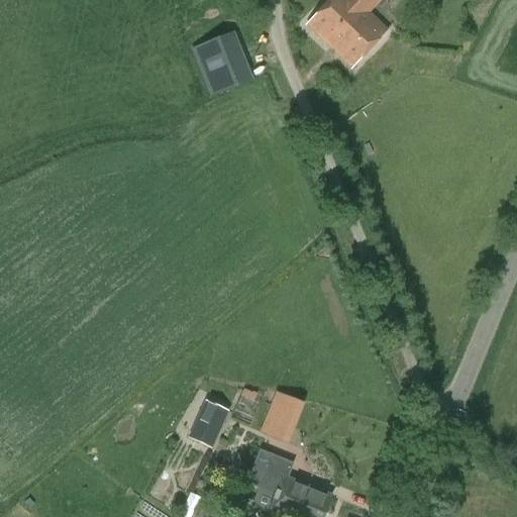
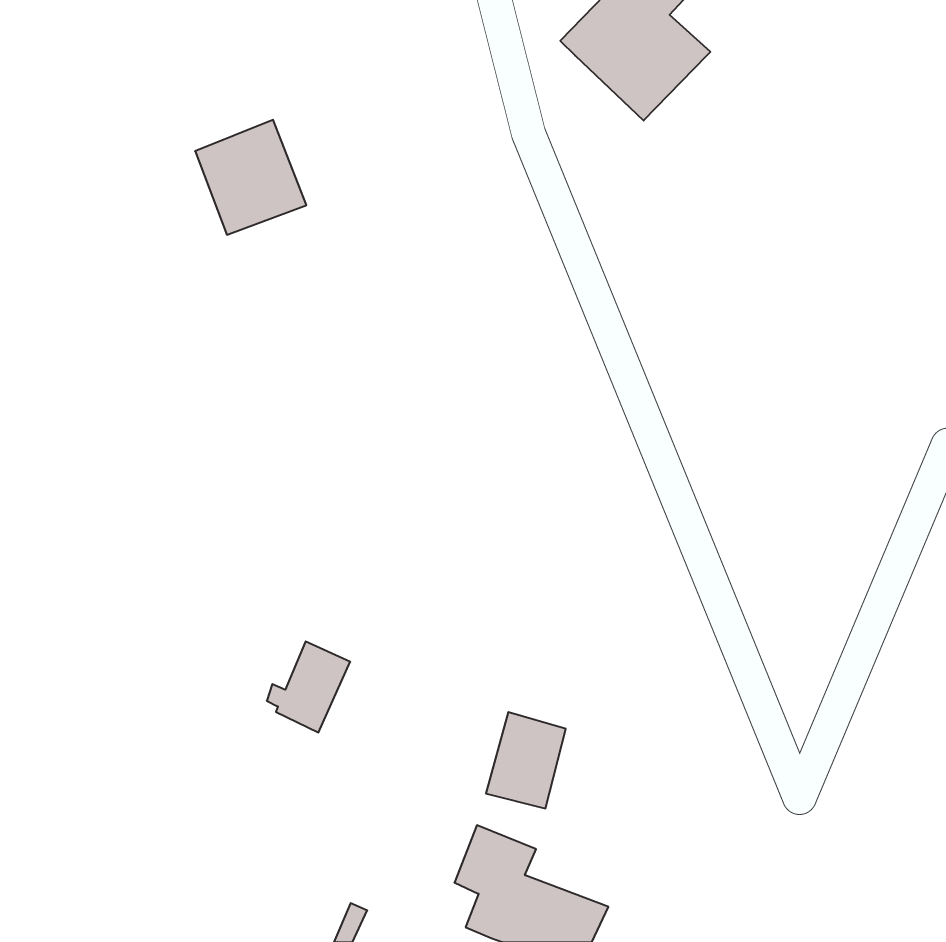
building: [192,30,252,93] -> [195,120,306,235]
building: [184,398,229,447] -> [267,641,350,732]

